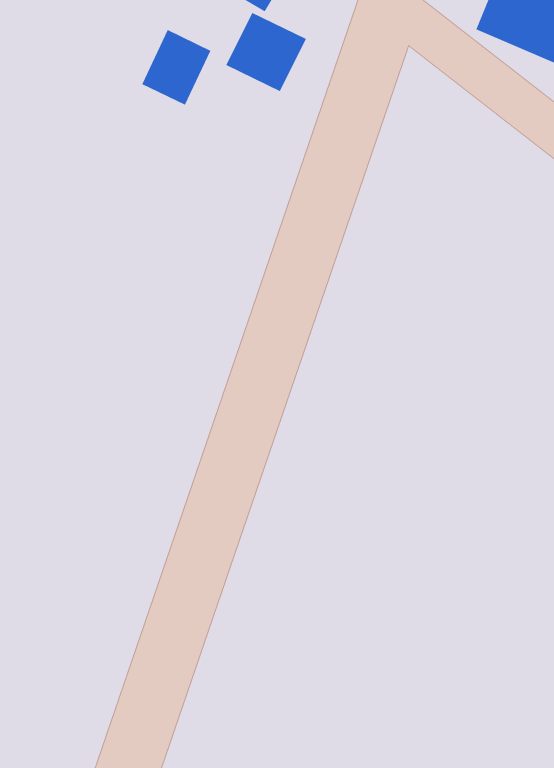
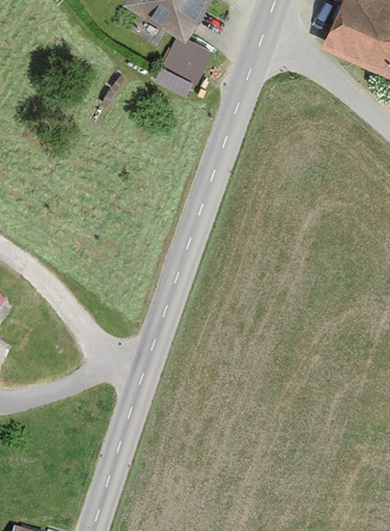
building: [141,29,211,106] -> none

